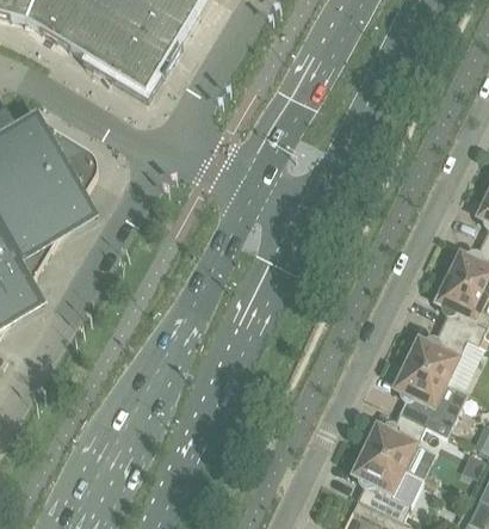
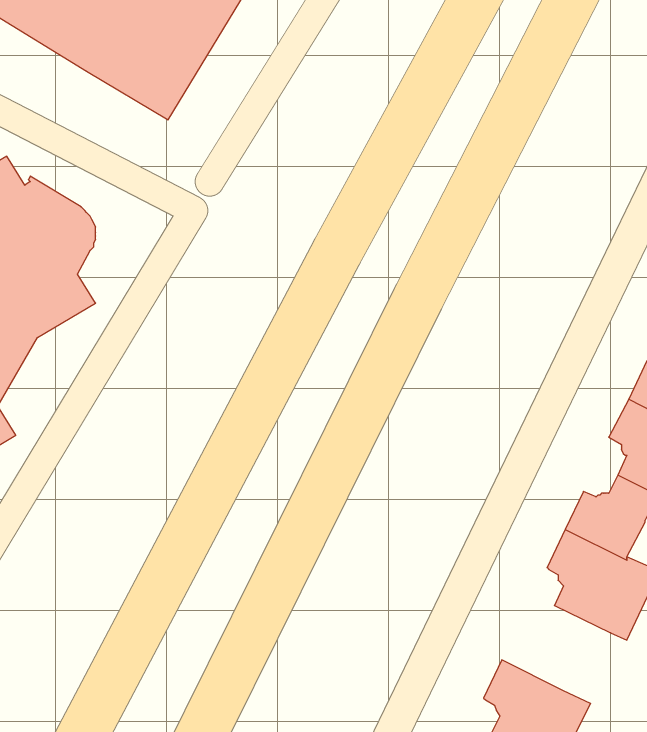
building: [364,412,435,476] -> none

